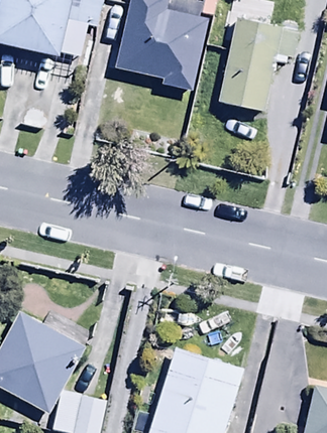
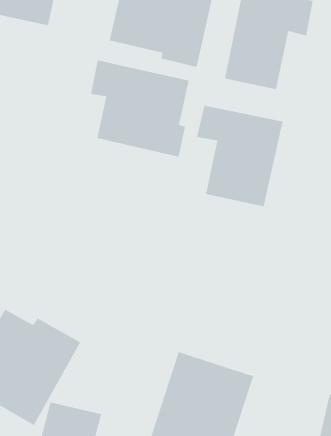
building: none -> [90,59,189,157]
building: none -> [196,105,284,207]

